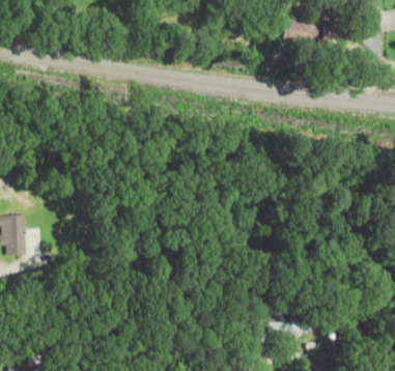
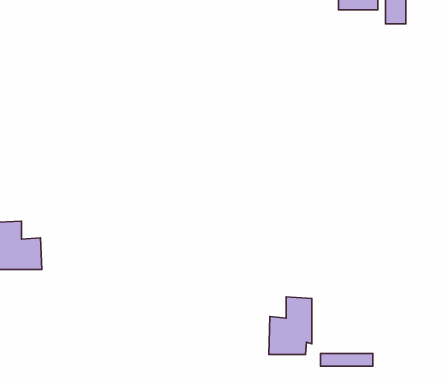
building: none -> [269,297,312,354]

